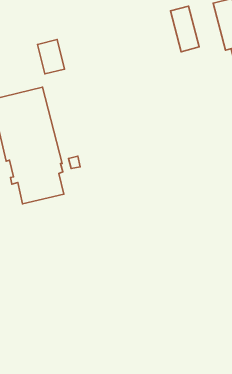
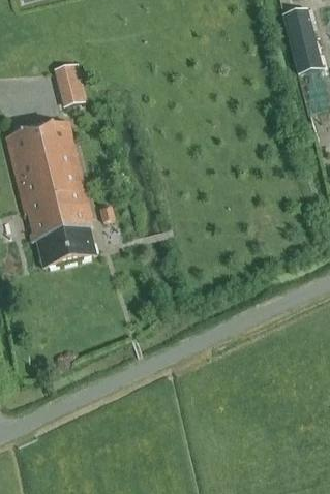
building: [171,6,199,52] -> none

